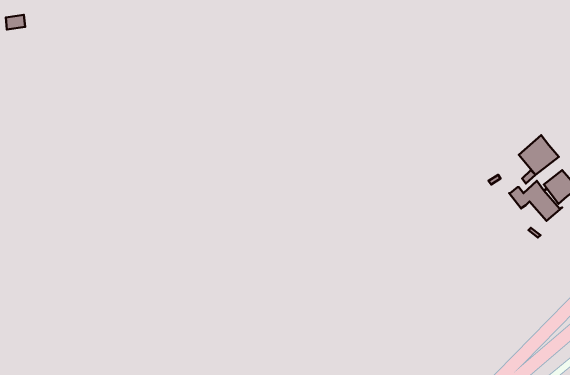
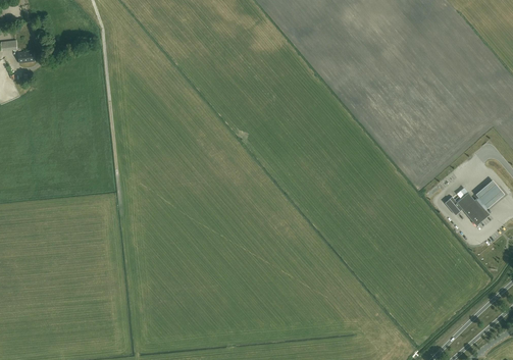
building: [519,135,559,175] -> none

